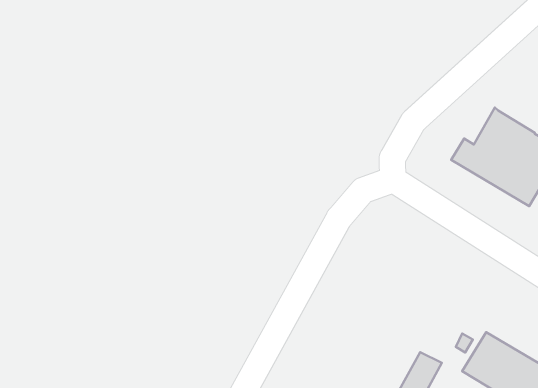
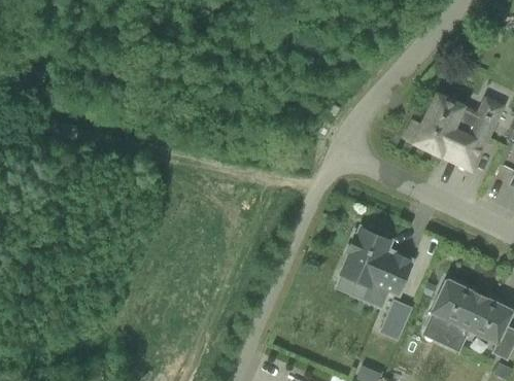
building: none -> [340,227,411,307]

